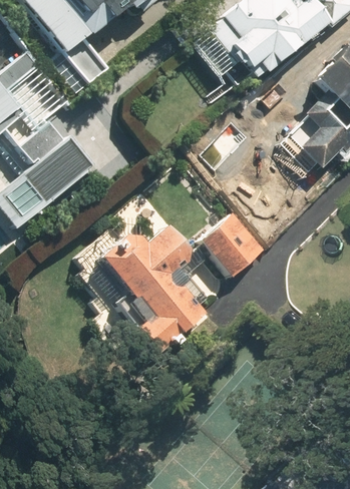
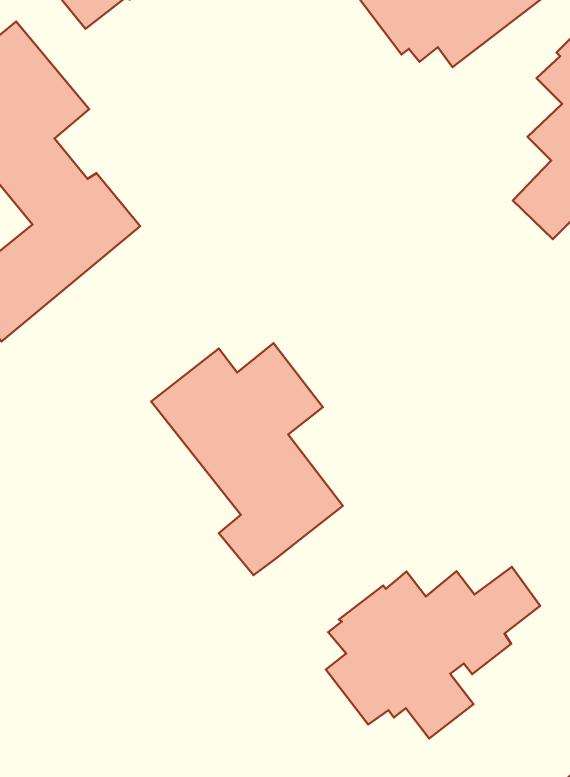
building: [199,213,264,279] -> none
building: none -> [326,567,540,738]

